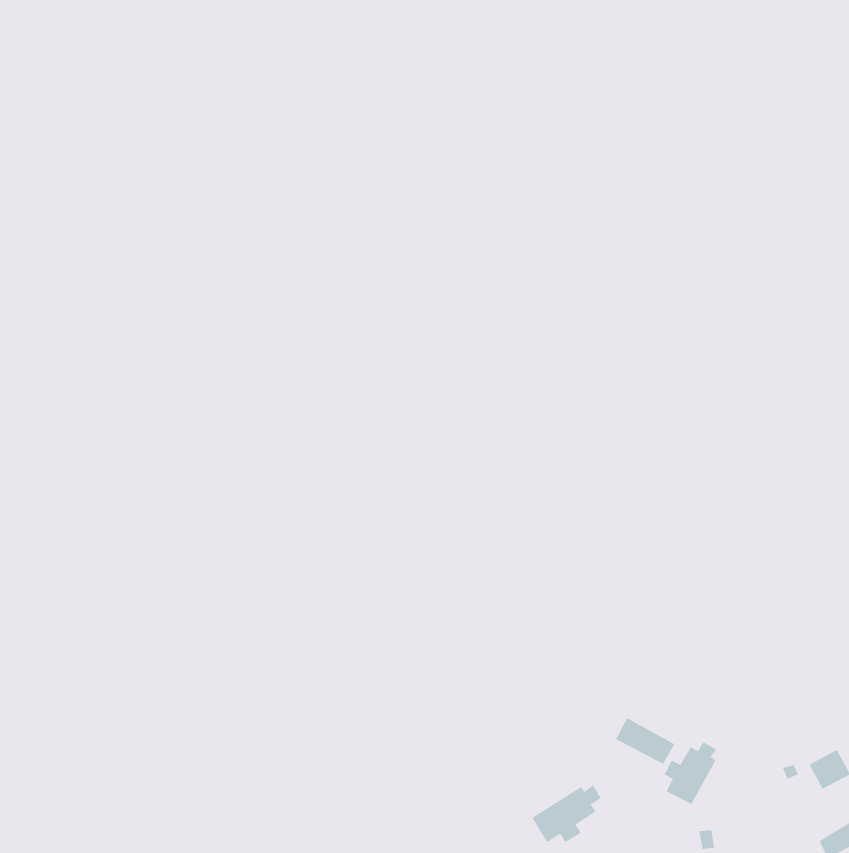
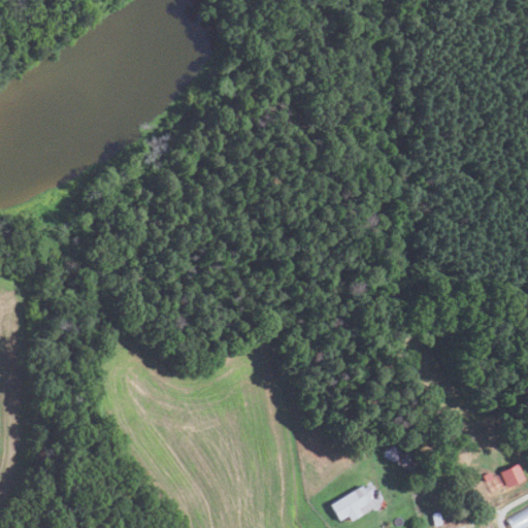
building: [664,742,717,805] -> none

